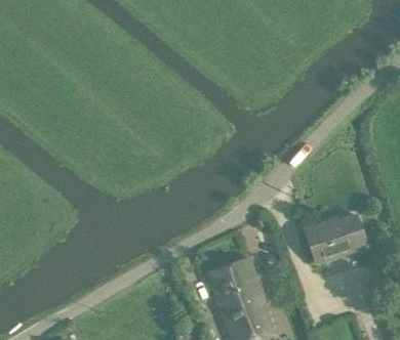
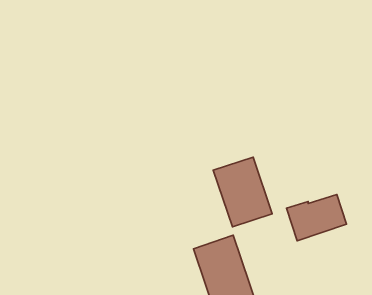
building: none -> [213,157,272,227]

